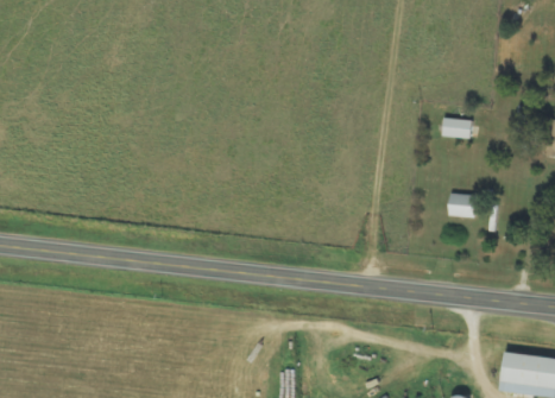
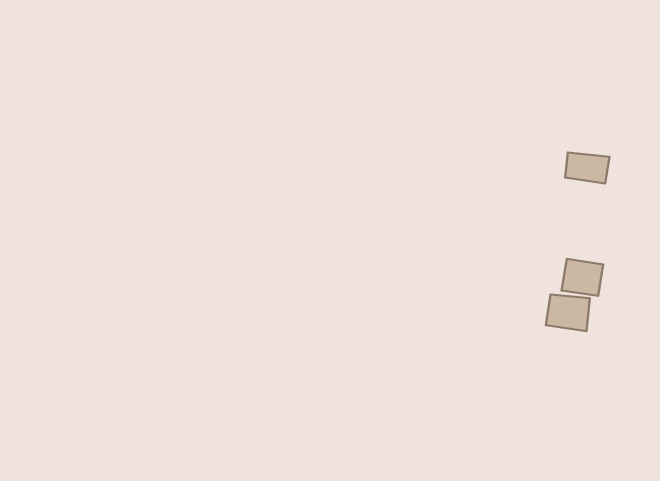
building: none -> [546,294,590,331]

